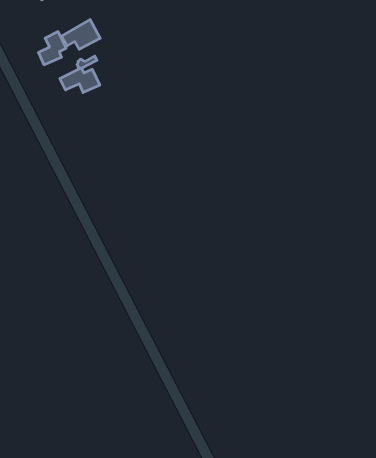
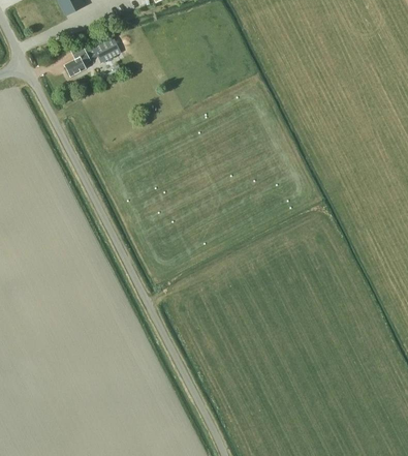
building: [60,68,100,93] -> none

